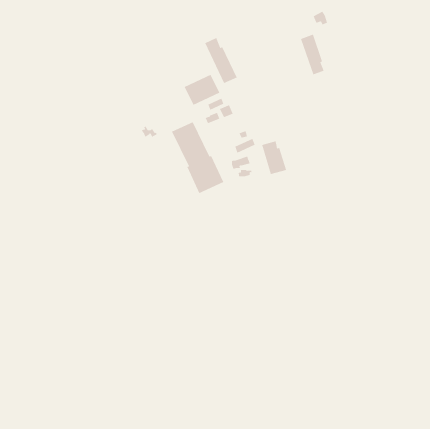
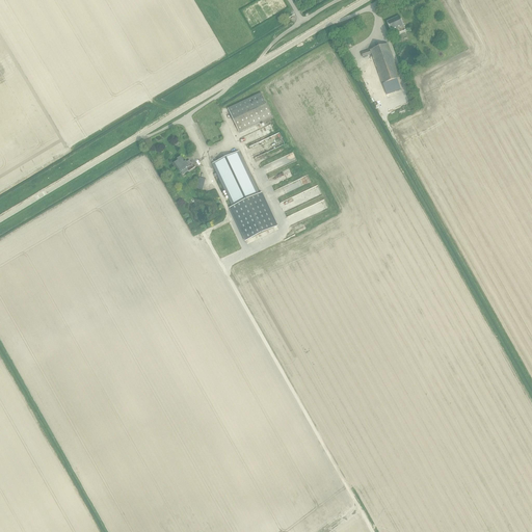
building: [205,37,238,84] -> none
building: [262,140,287,175] -> none

